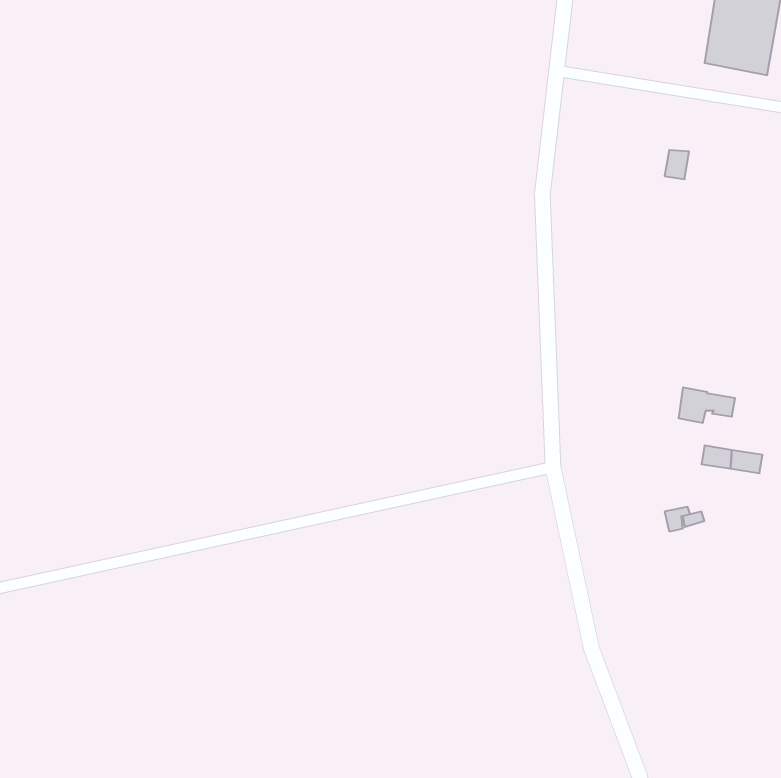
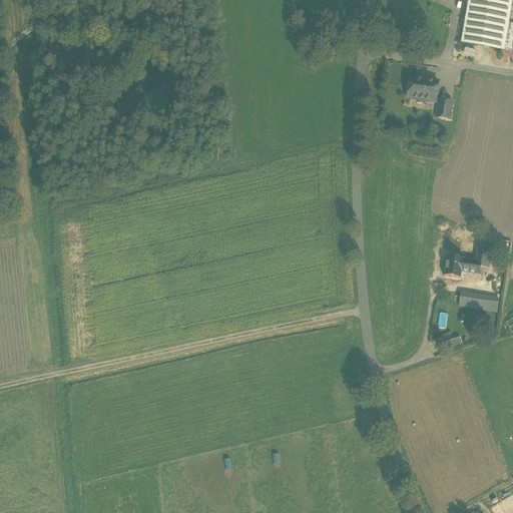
building: none -> [407,76,437,100]

